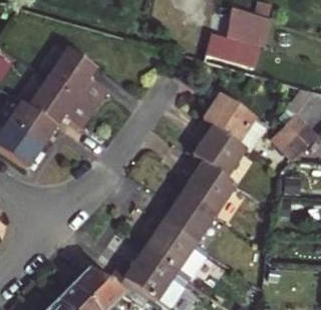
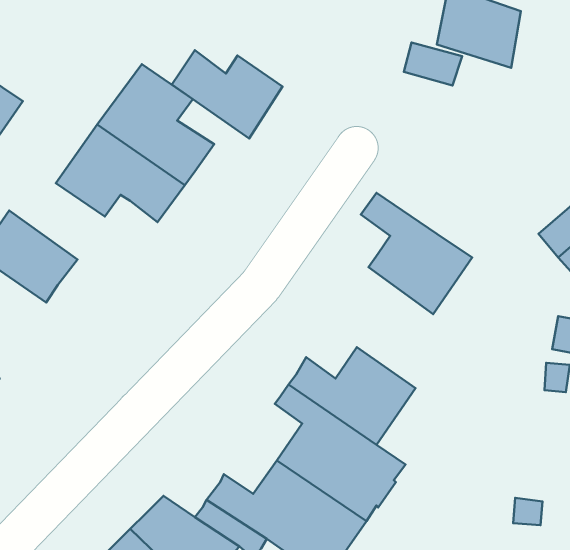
building: none -> [172,50,282,138]
building: [195,84,246,134] -> none
building: [6,101,55,147] -> none
building: [184,151,236,214] -> none

